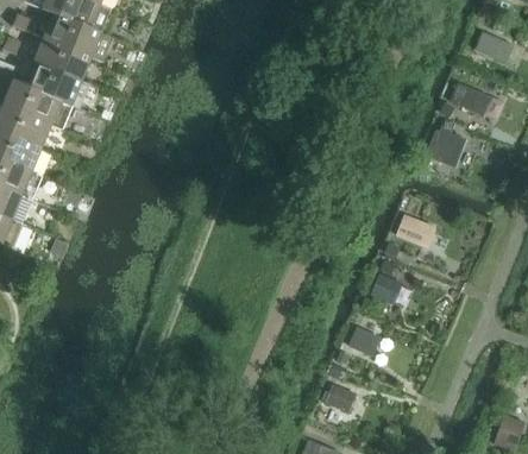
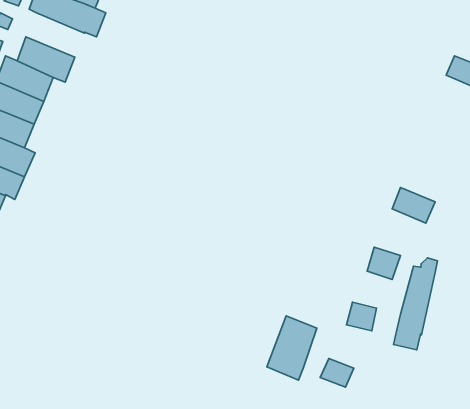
building: [21,39,89,83] -> none
building: [432,122,466,163] -> none
building: none -> [394,258,437,350]
building: none -> [267,316,317,380]

